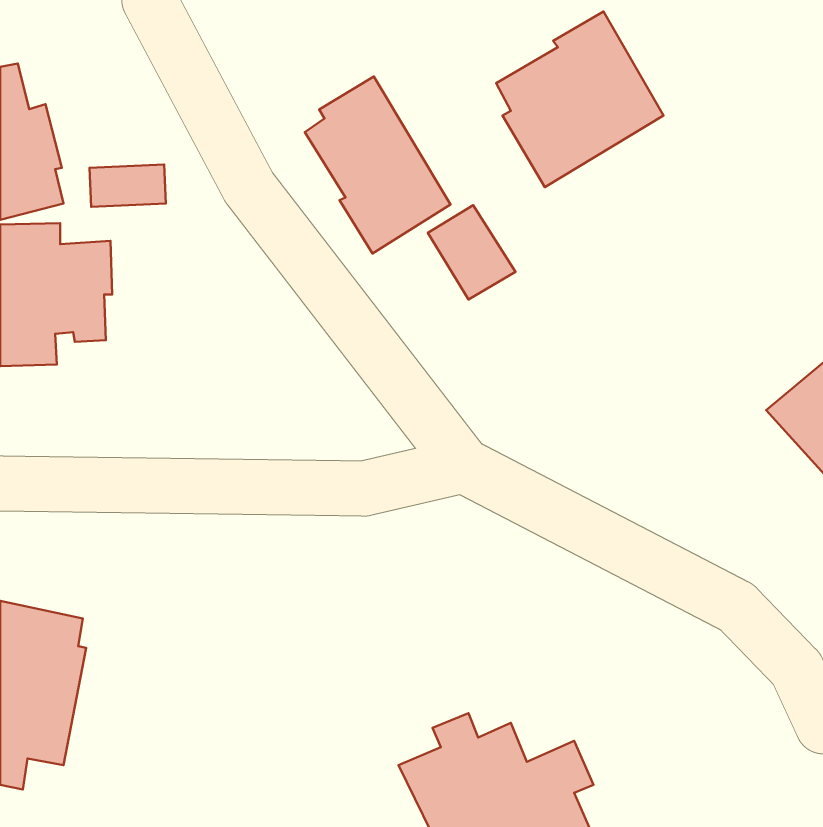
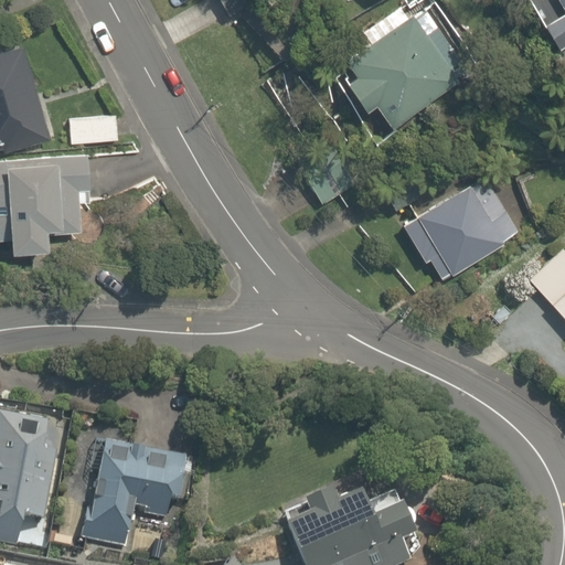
building: [305,76,451,254] -> none
building: none -> [406,180,524,281]
building: none -> [75,441,192,541]

